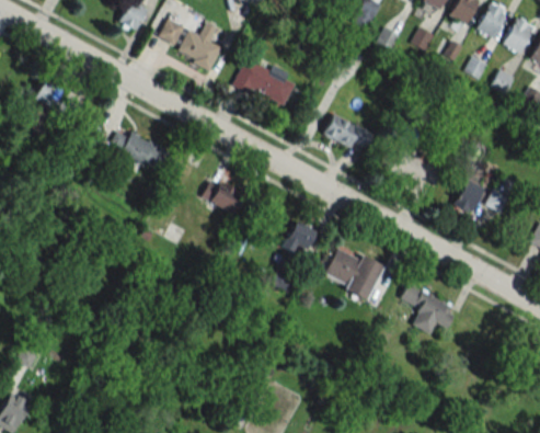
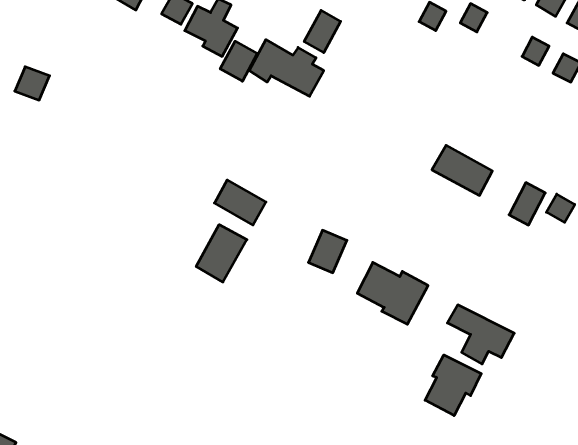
building: none -> [304,10,341,53]
building: none -> [220,41,257,81]
building: [324,113,369,152] -> none
building: [112,130,169,170] -> none
building: none -> [196,225,247,282]
building: none -> [425,355,481,416]

